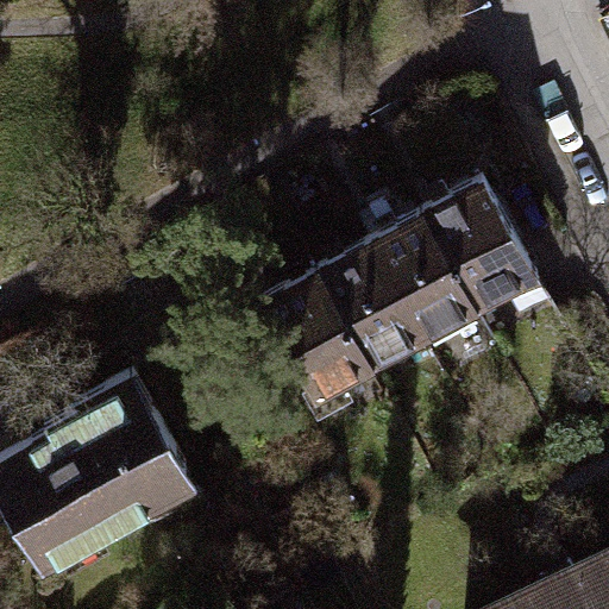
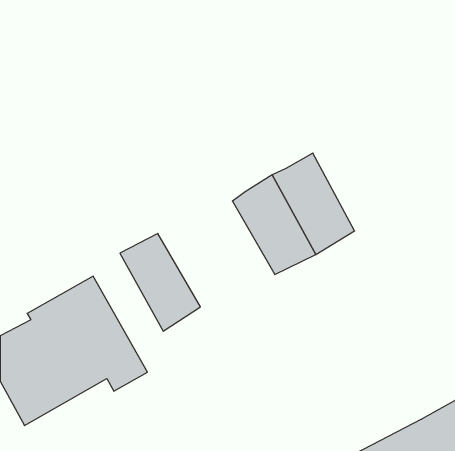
building: [421,184,540,319] -> none
building: [265,280,371,408] -> [120,233,200,331]

